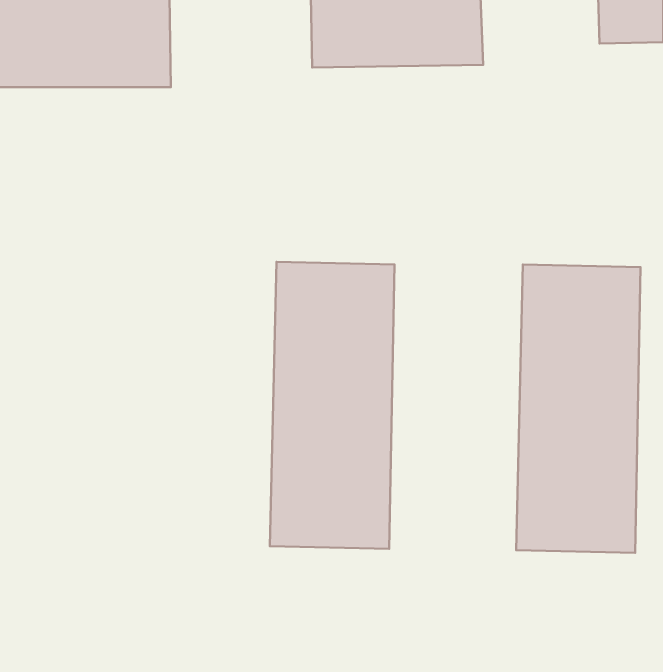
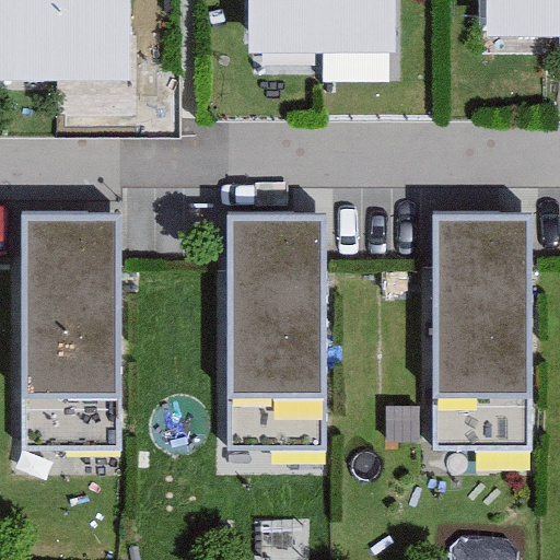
building: none -> [19,215,121,453]

